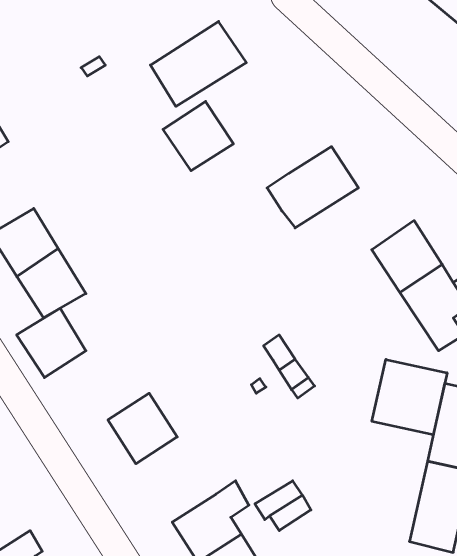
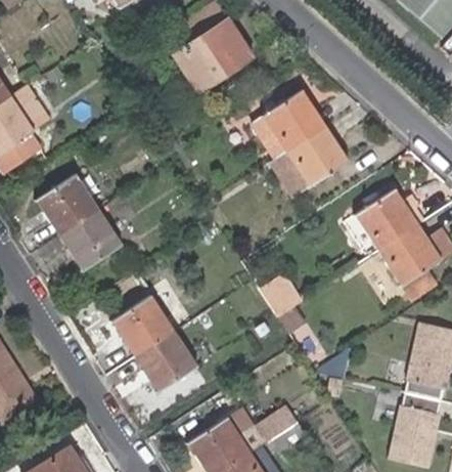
building: [163,101,233,171] -> [265,89,324,147]
building: [17,308,86,378] -> [112,297,171,355]
building: [372,359,447,435] -> none

